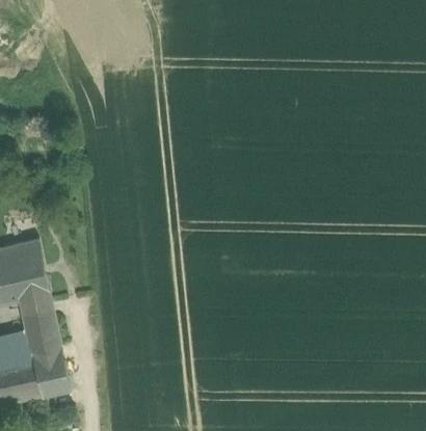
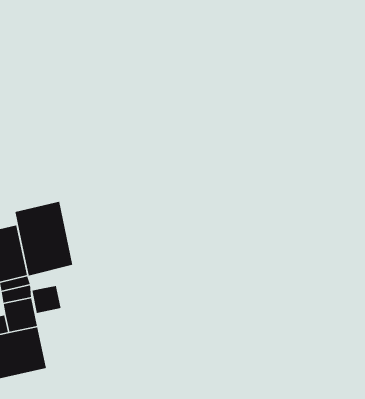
building: none -> [14,201,73,276]
building: none -> [31,285,61,314]

